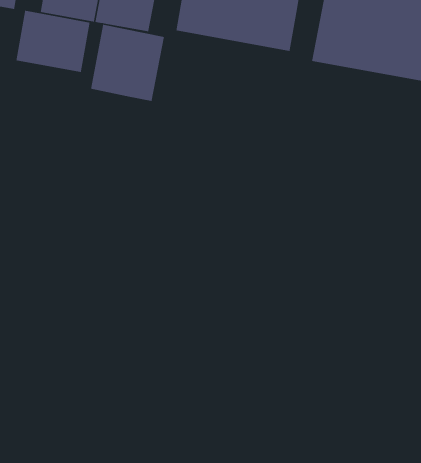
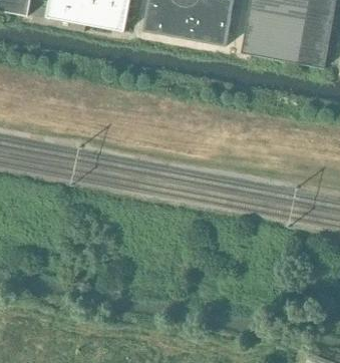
building: [16,10,91,73] -> none
building: [90,24,165,102] -> none

